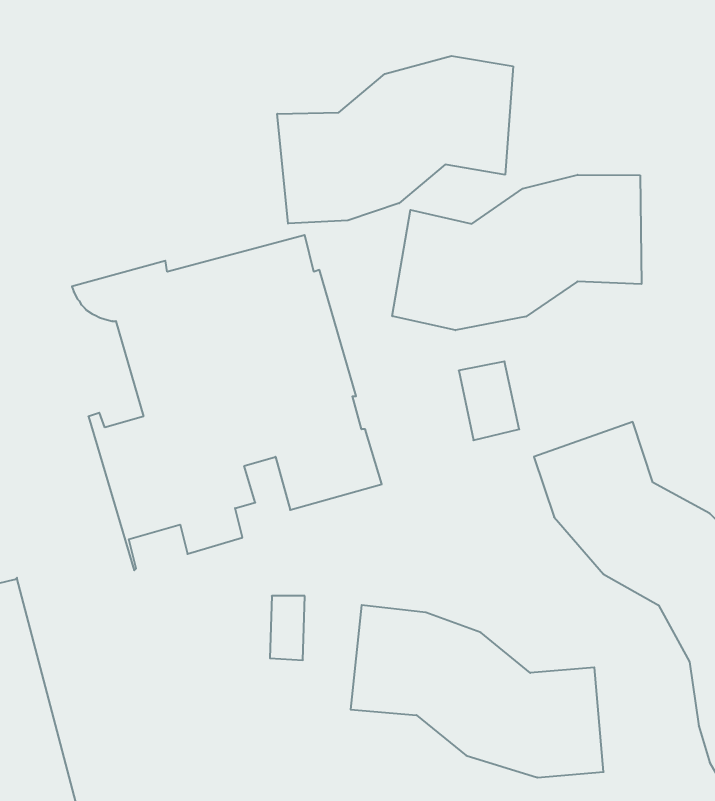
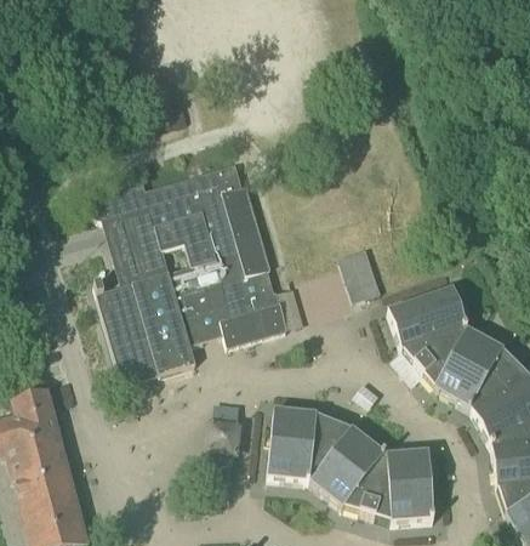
building: [277,56,513,224] -> none
building: [392,175,641,330] -> none

